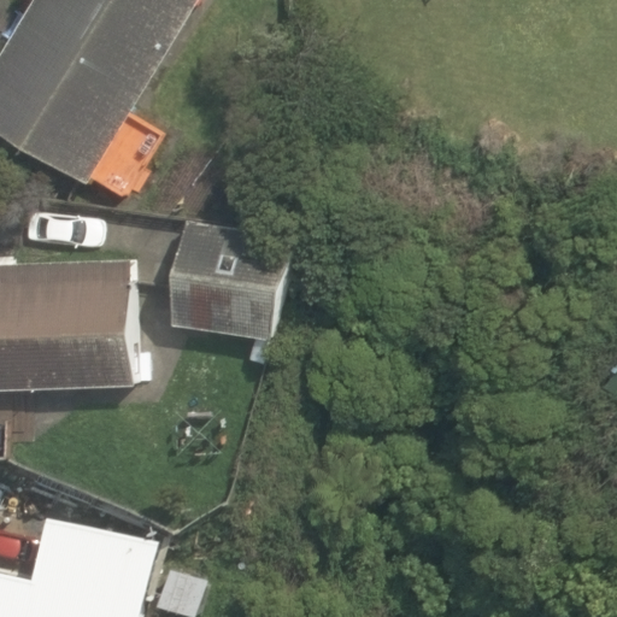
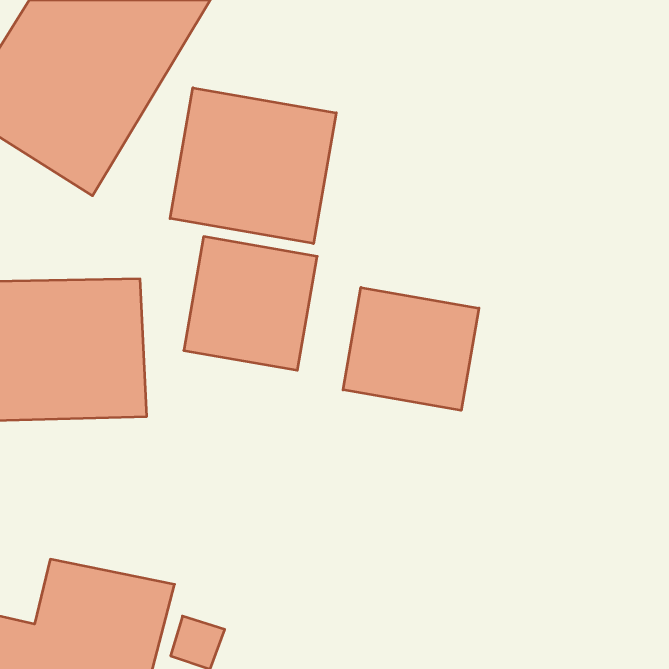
building: none -> [170,88,336,244]
building: none -> [343,287,479,410]

